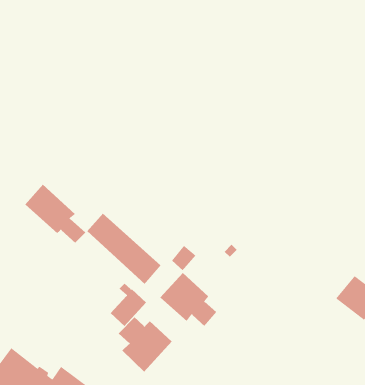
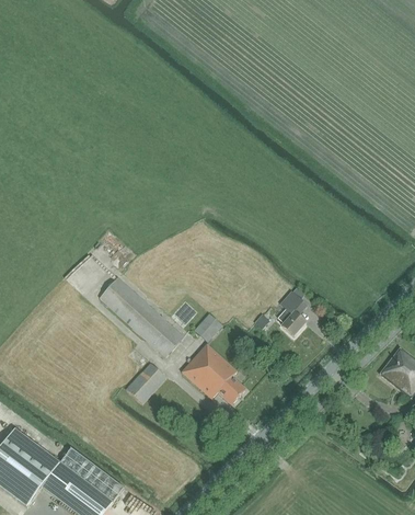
building: [25,184,86,243] -> none
building: none -> [277,291,307,336]
building: [118,316,173,372] -> none

